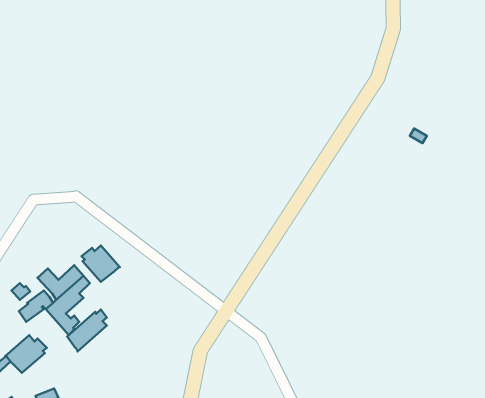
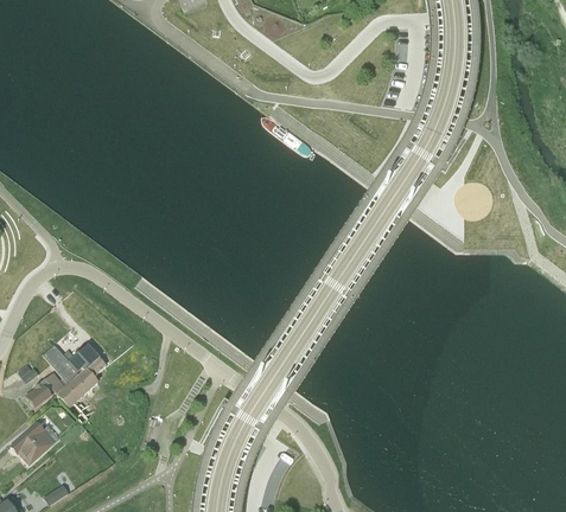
building: [82,245,120,282] -> none
building: [67,309,107,351] -> none

